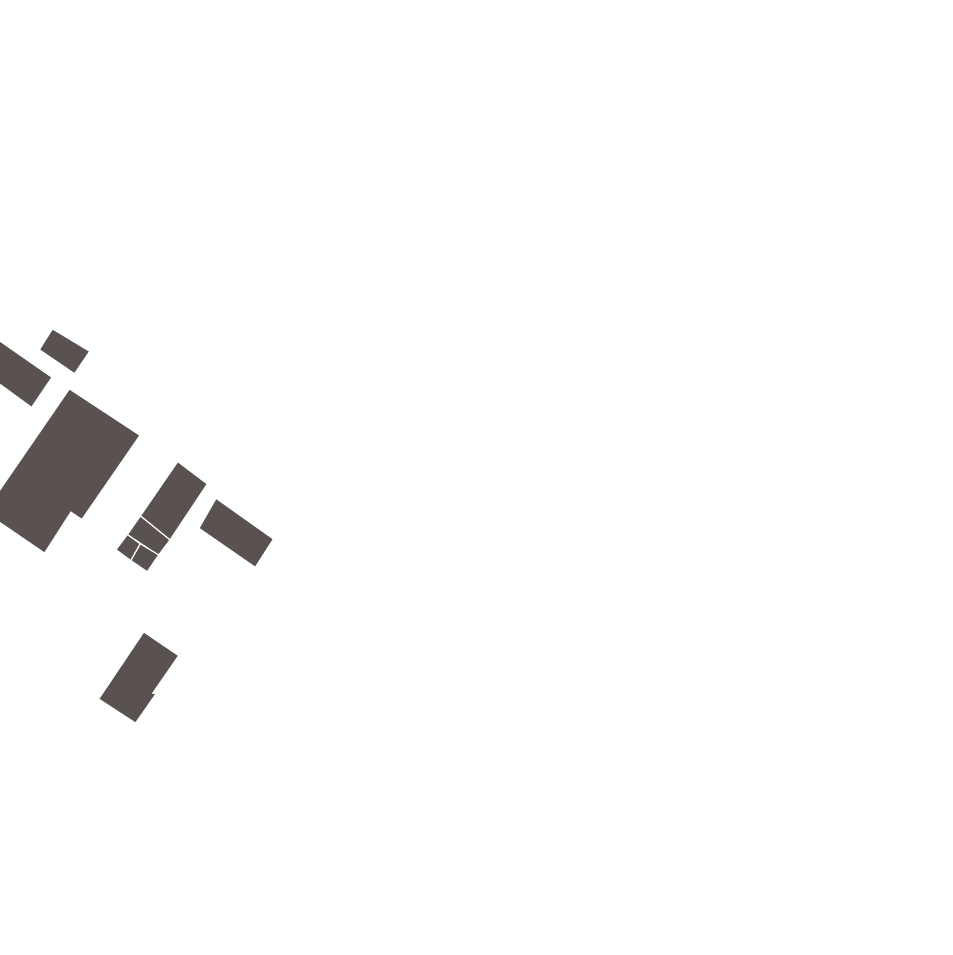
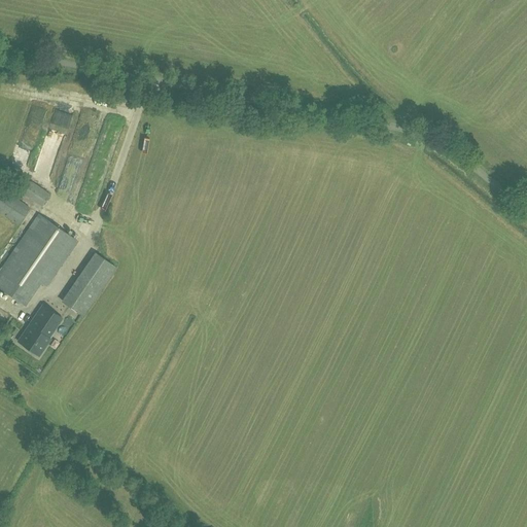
building: [199,498,273,568] -> none
building: [99,632,179,723] -> [17,305,62,355]

